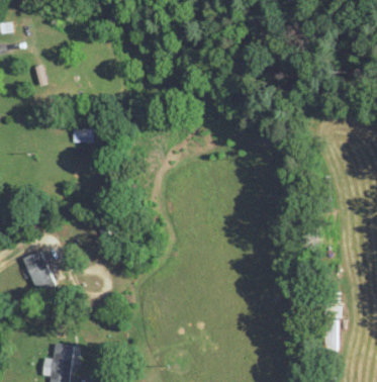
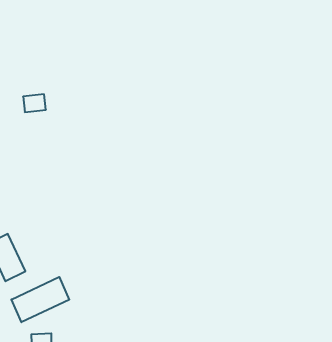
building: none -> [11,277,69,322]

